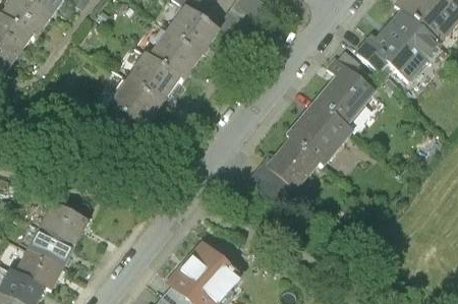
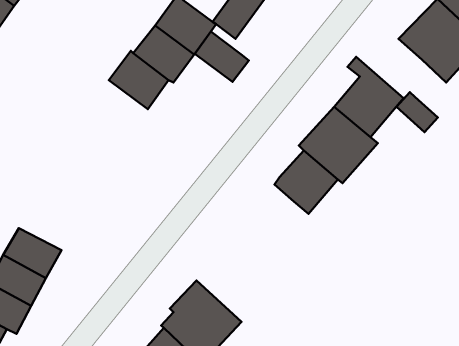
building: none -> [195,32,249,82]
building: [355,39,390,72] -> [396,92,438,132]
building: [110,77,161,126] -> none
building: [247,156,283,197] -> none

